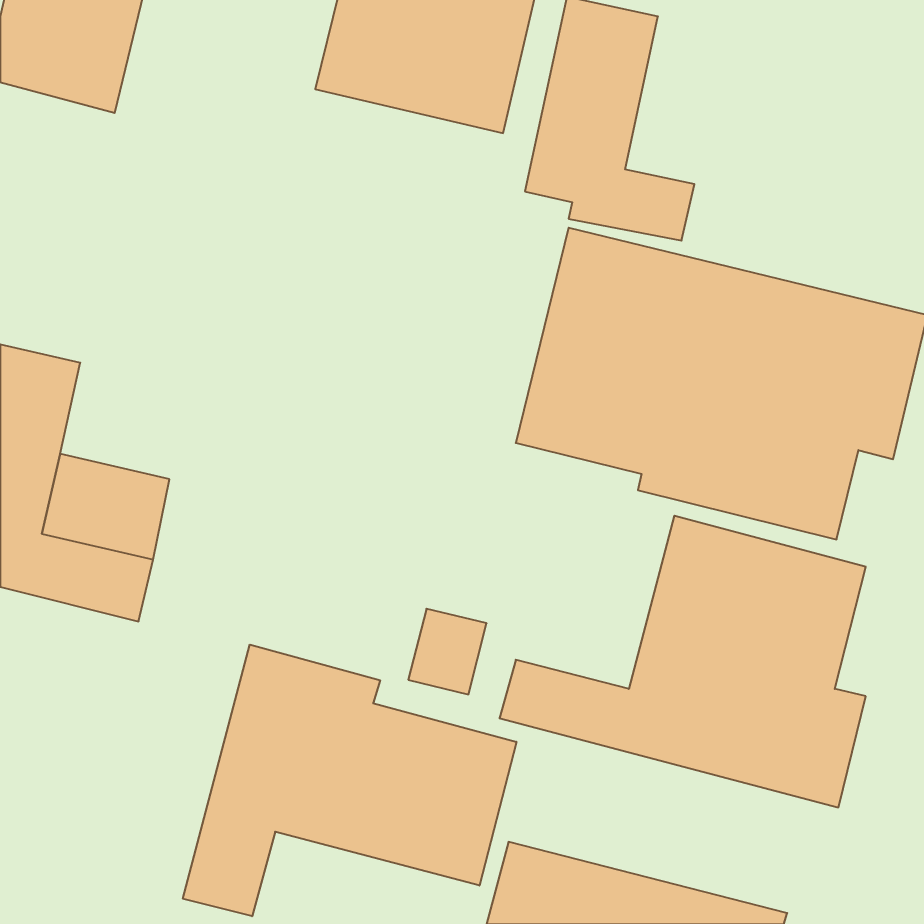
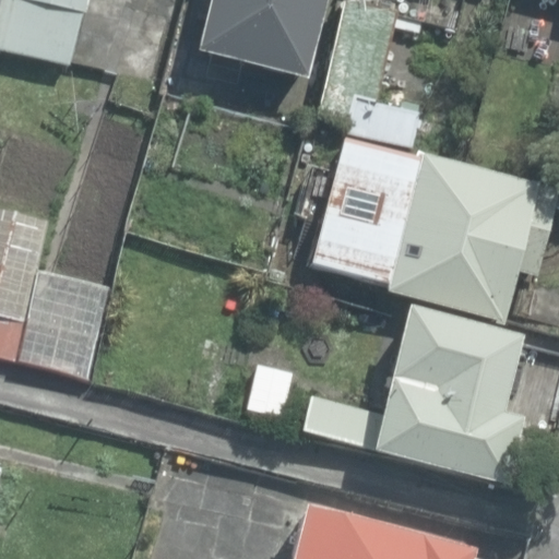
building: [183,645,516,916] -> none

